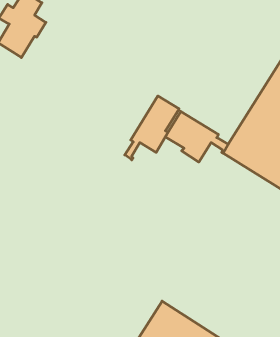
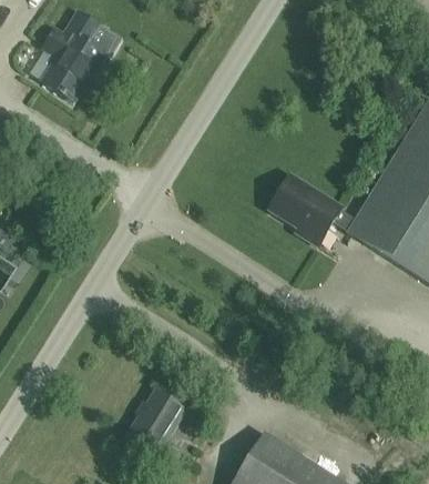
building: [125,96,179,160] -> none
building: none -> [125,390,184,454]

